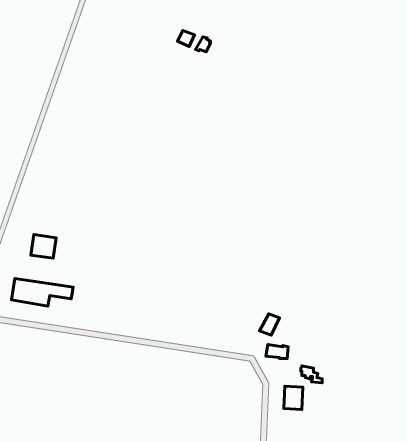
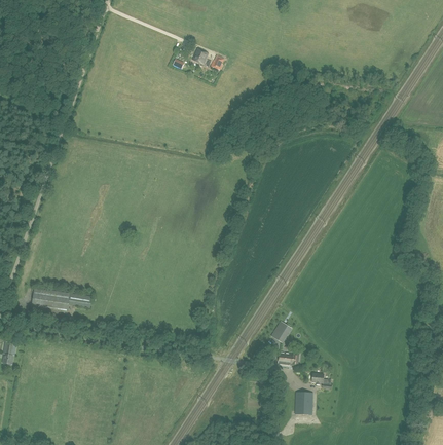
building: [31,235,56,258] -> none

